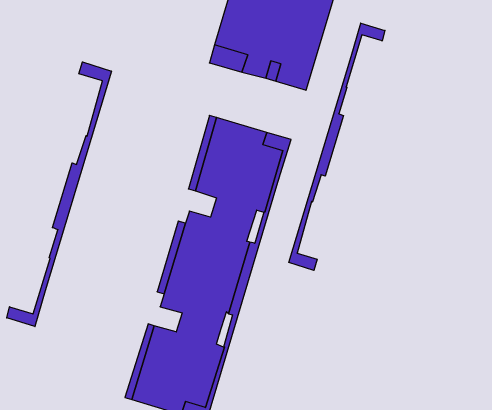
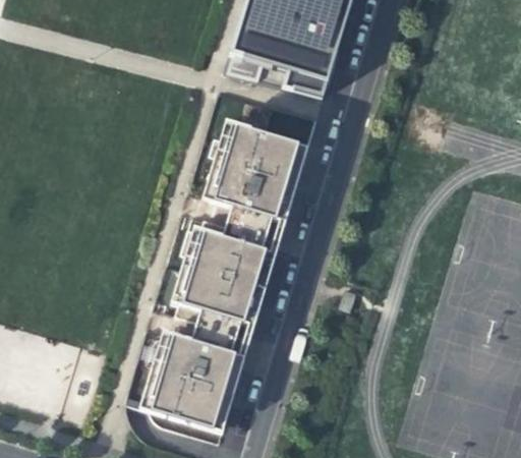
building: [289,23,385,270] -> none
building: [7,62,111,327] -> none

